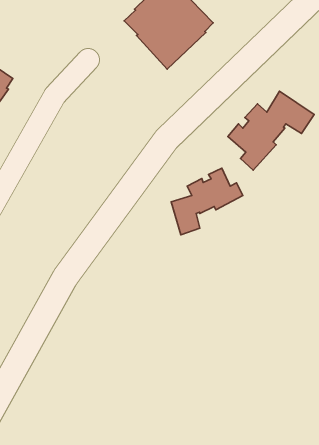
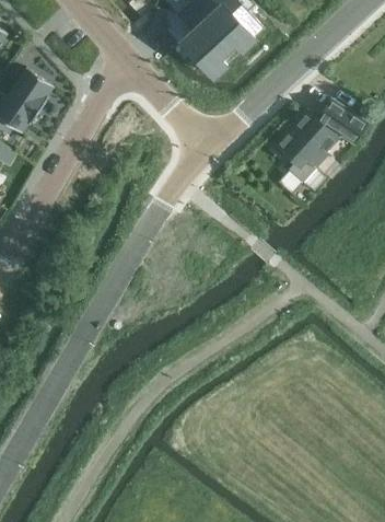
building: [171,168,243,235] -> none

